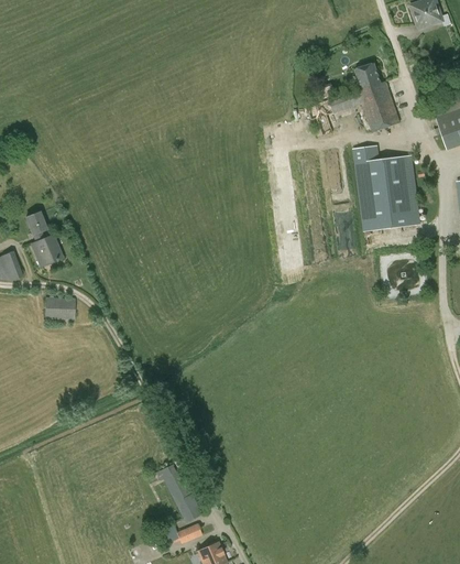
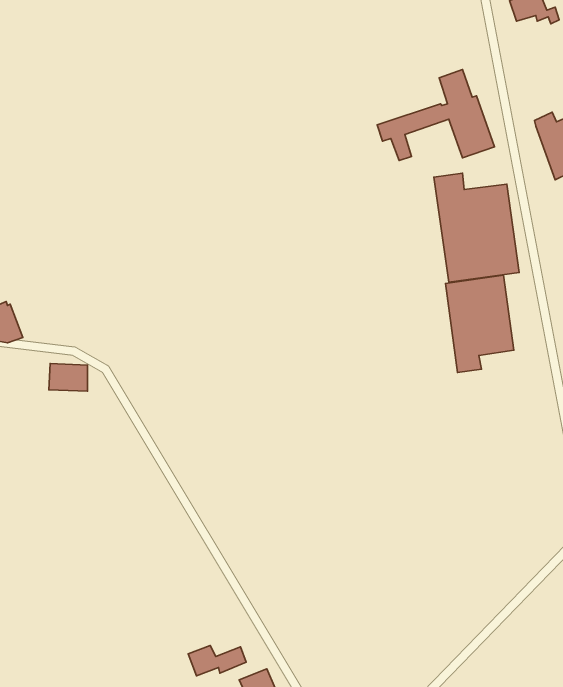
building: [25,212,62,265] -> none
building: none -> [445,275,514,373]
building: [155,464,201,522] -> none

